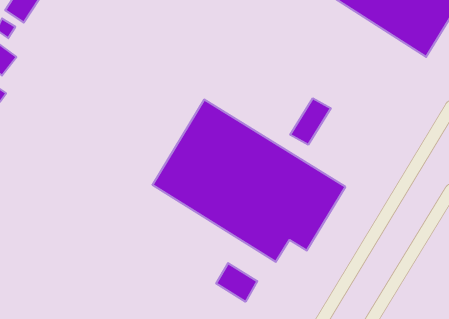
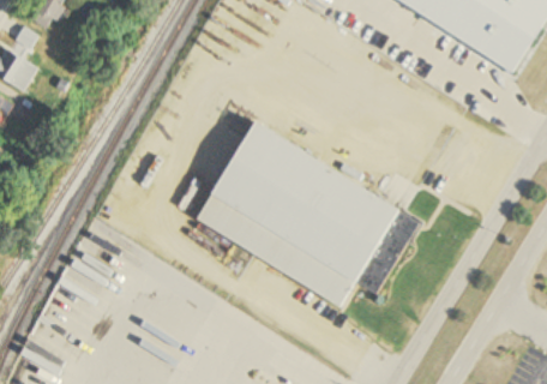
building: [290,98,331,145] -> none
building: [216,263,257,302] -> none

